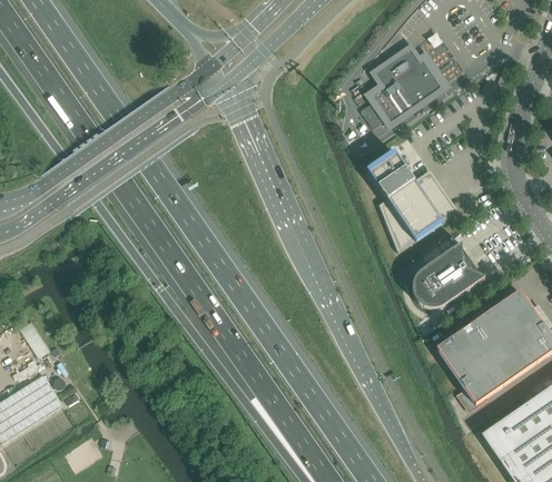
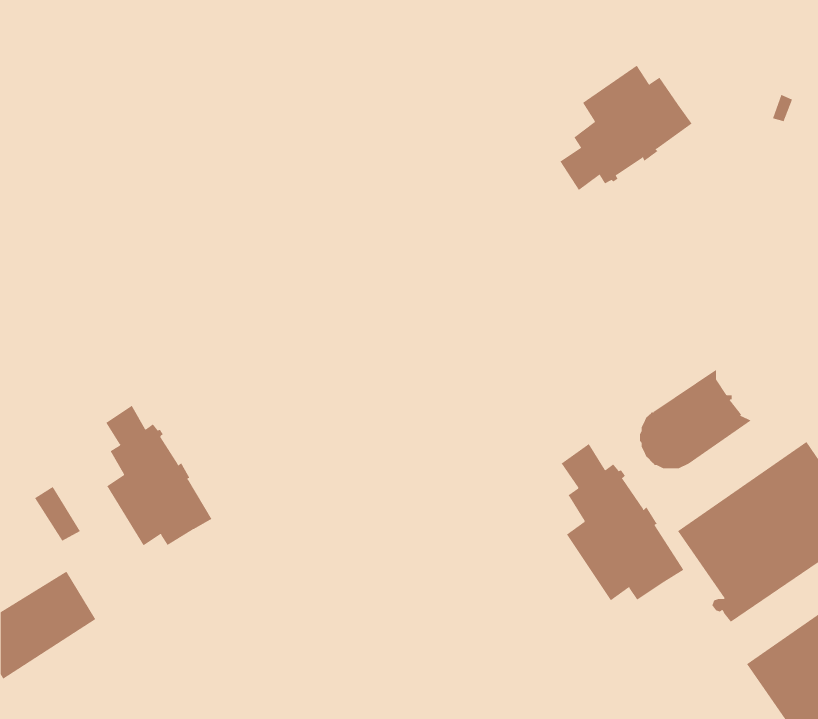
building: [367,151,455,250] -> none
building: none -> [105,405,212,546]
building: none -> [561,443,684,601]

